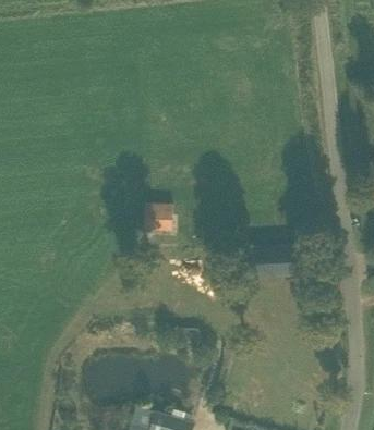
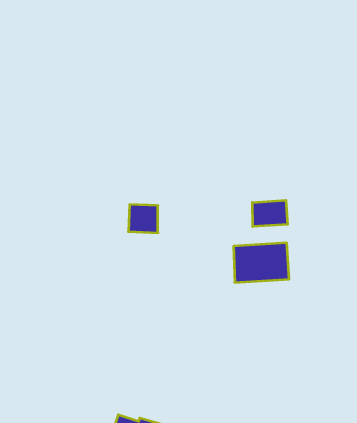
building: none -> [252,200,288,227]

